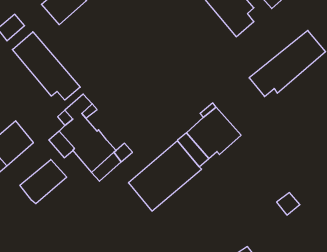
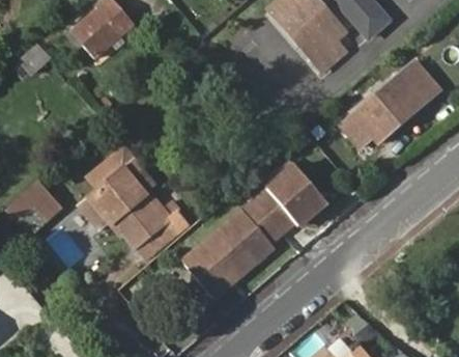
building: [12,32,80,100] -> none
building: [20,159,67,204] -> none

